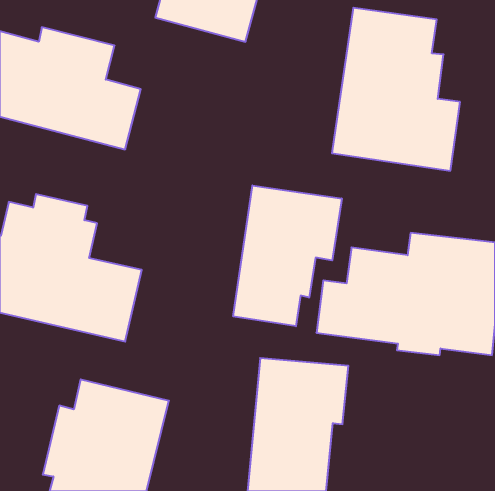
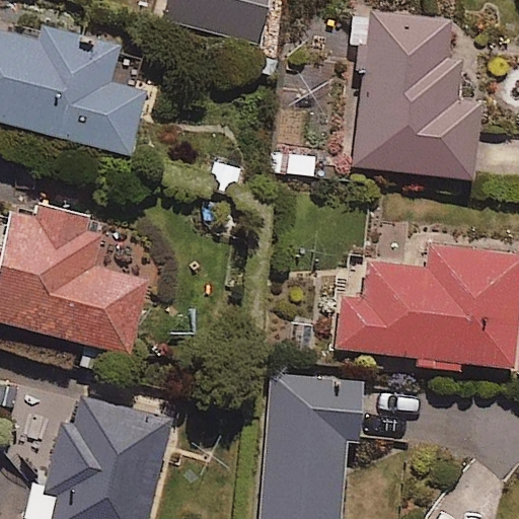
building: [233,185,342,326] -> none

